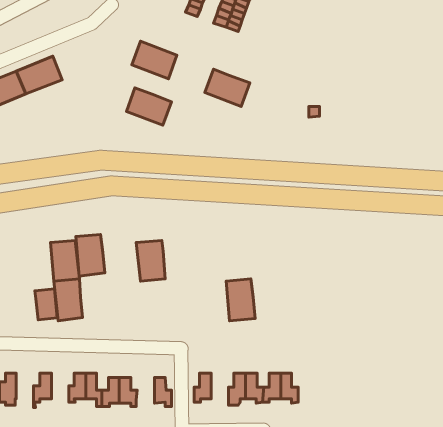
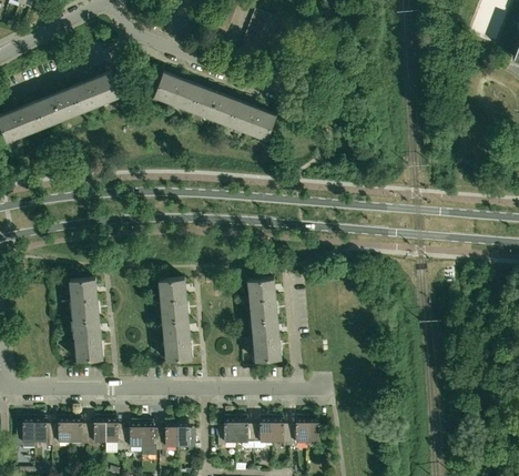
building: none -> [71,73,119,112]
building: [126,88,171,125] -> [191,87,237,125]
building: [76,234,105,276] -> [162,318,192,362]
building: none -> [247,278,276,321]
building: [35,289,57,320] -> none
building: none -> [33,416,51,452]
building: none -> [70,416,88,446]
building: none -> [235,416,253,449]
building: none -> [157,421,176,450]

